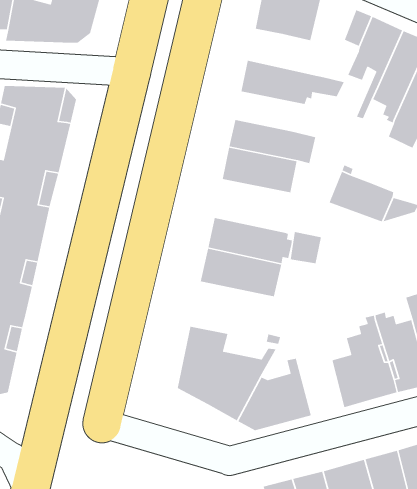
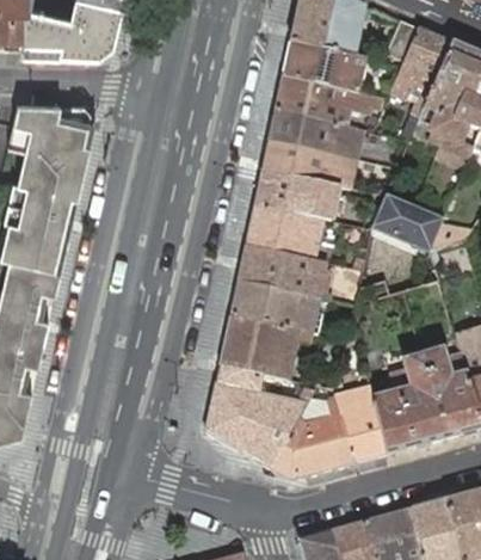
building: none -> [282,44,365,94]
building: none -> [269,112,363,155]
building: none -> [246,208,327,265]
building: none -> [220,319,306,381]
building: none -> [334,376,387,464]

